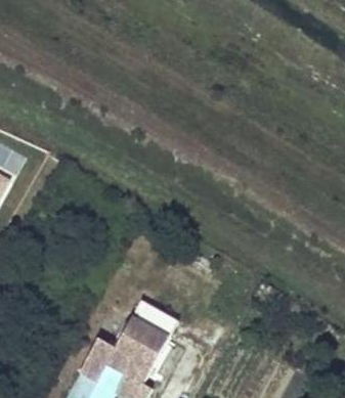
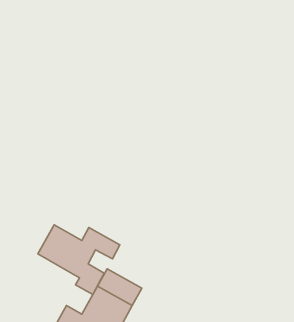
building: none -> [38,225,120,295]

